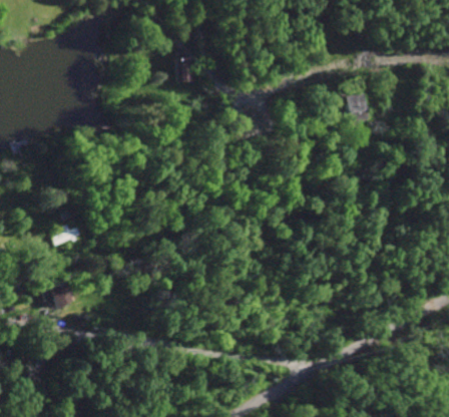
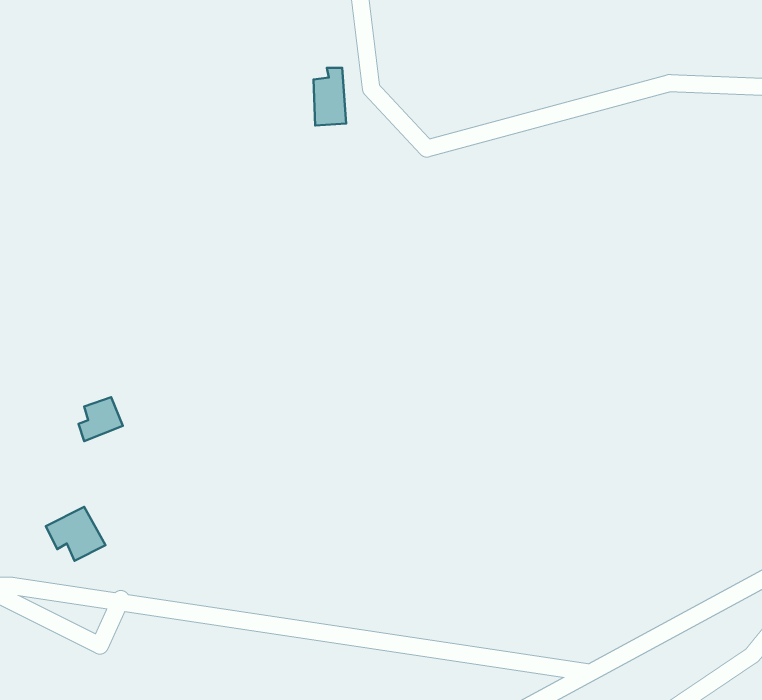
building: [347,92,371,124] -> none

